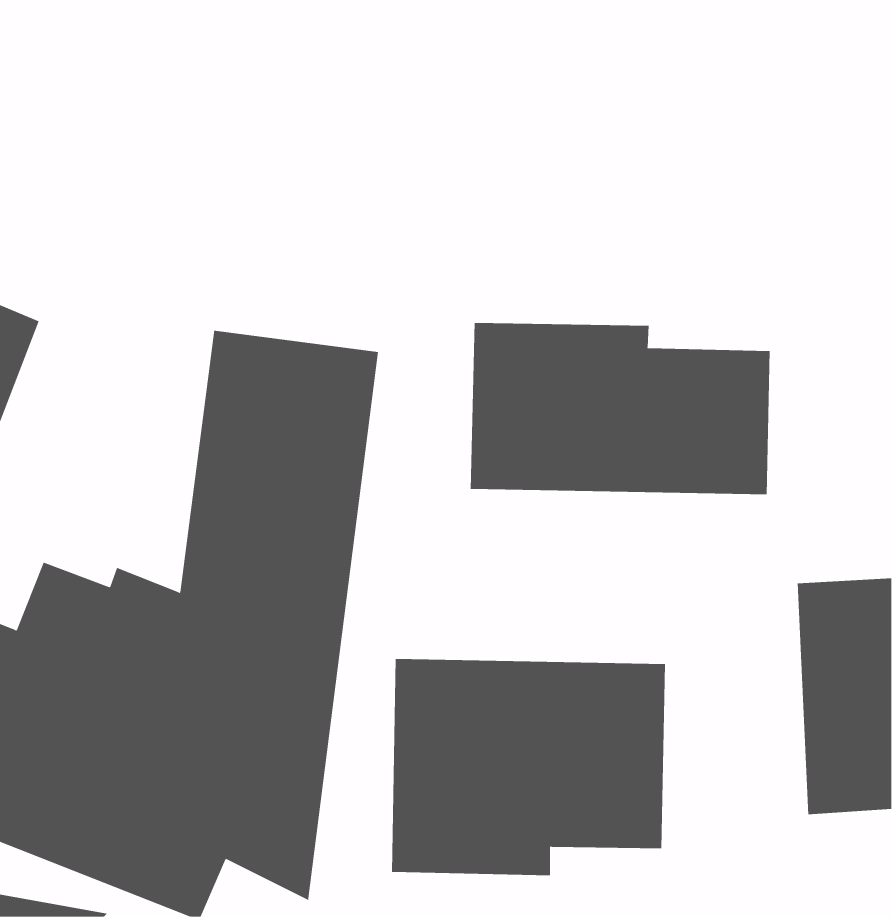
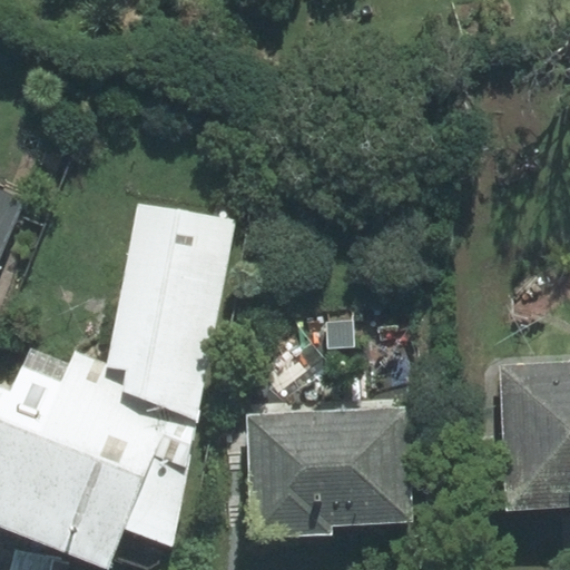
building: [470,322,770,495] -> none

